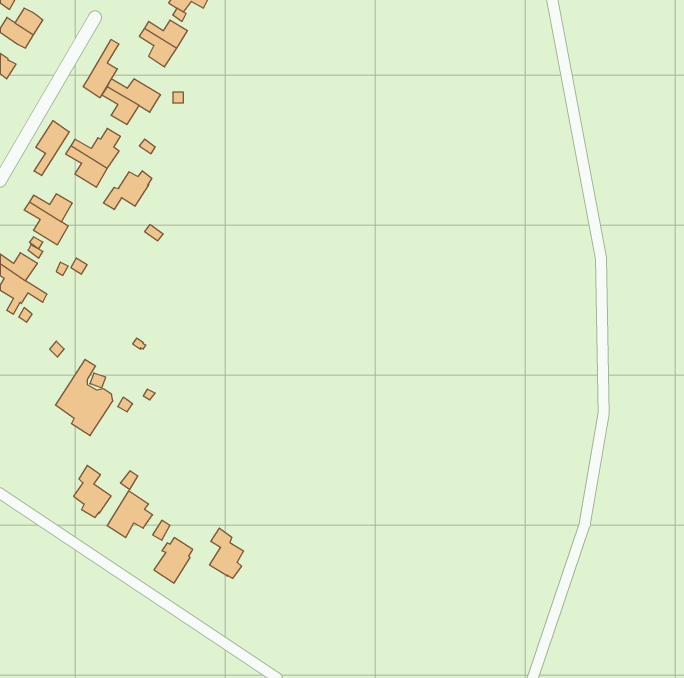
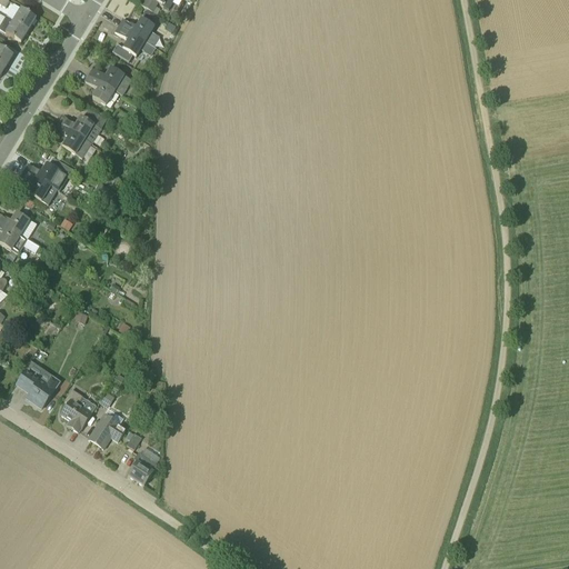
building: [83,40,119,98] -> none
building: [34,121,69,176] -> none
building: [103,171,152,210] -> none
building: [55,359,113,436] -> [14,347,62,410]
building: [210,528,244,578] -> none

